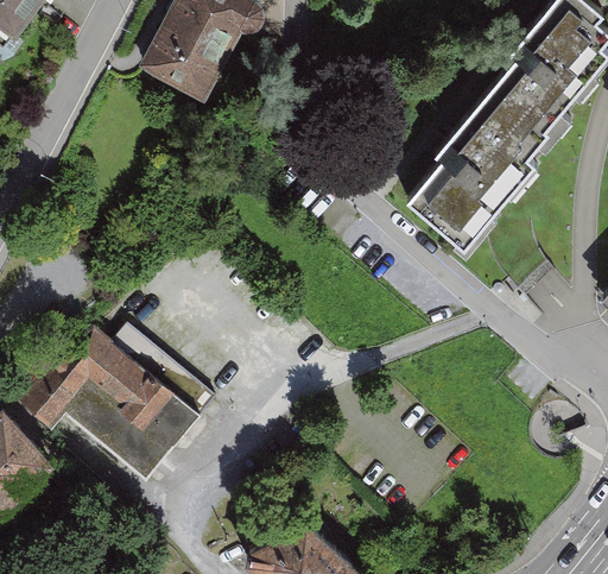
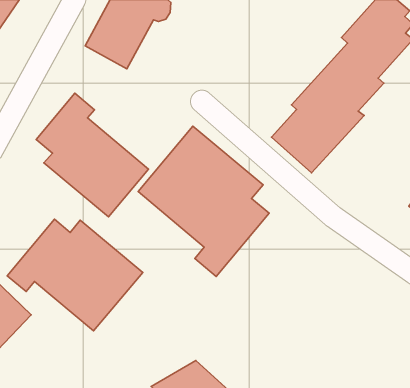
building: none -> [36,93,148,217]
building: none -> [138,126,269,276]

